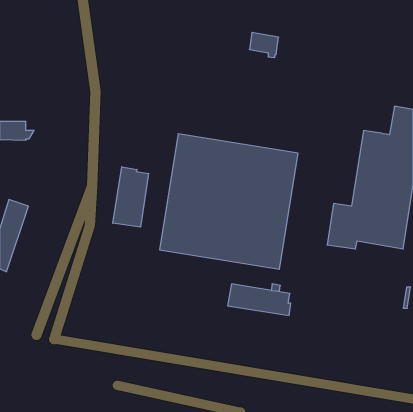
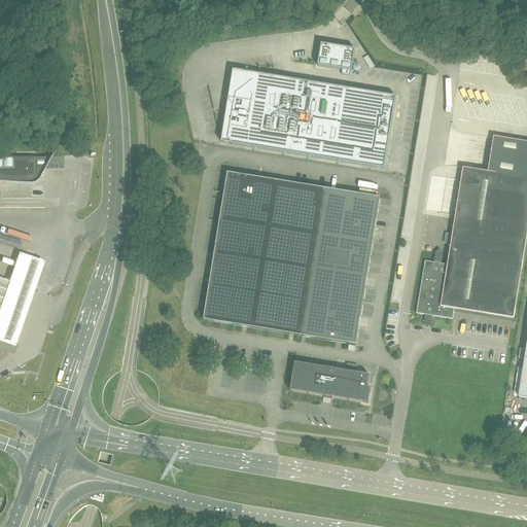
building: none -> [220,68,395,167]
building: [113,167,148,227] -> none

